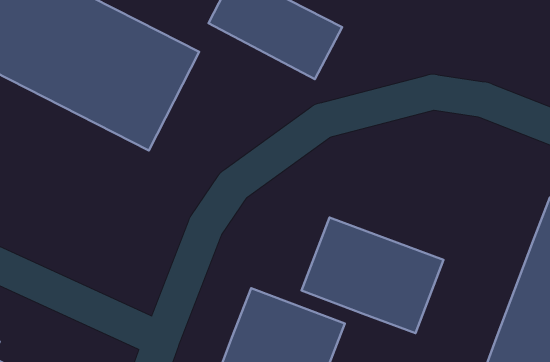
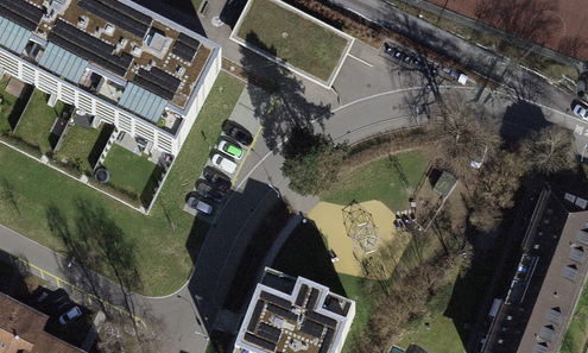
building: [302,218,443,333] -> none

